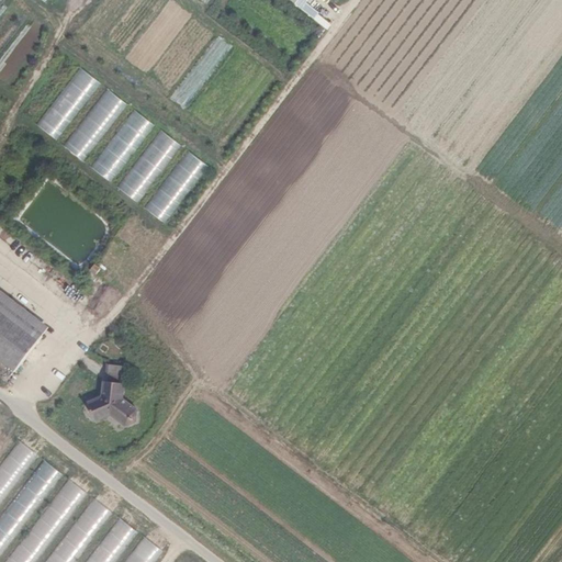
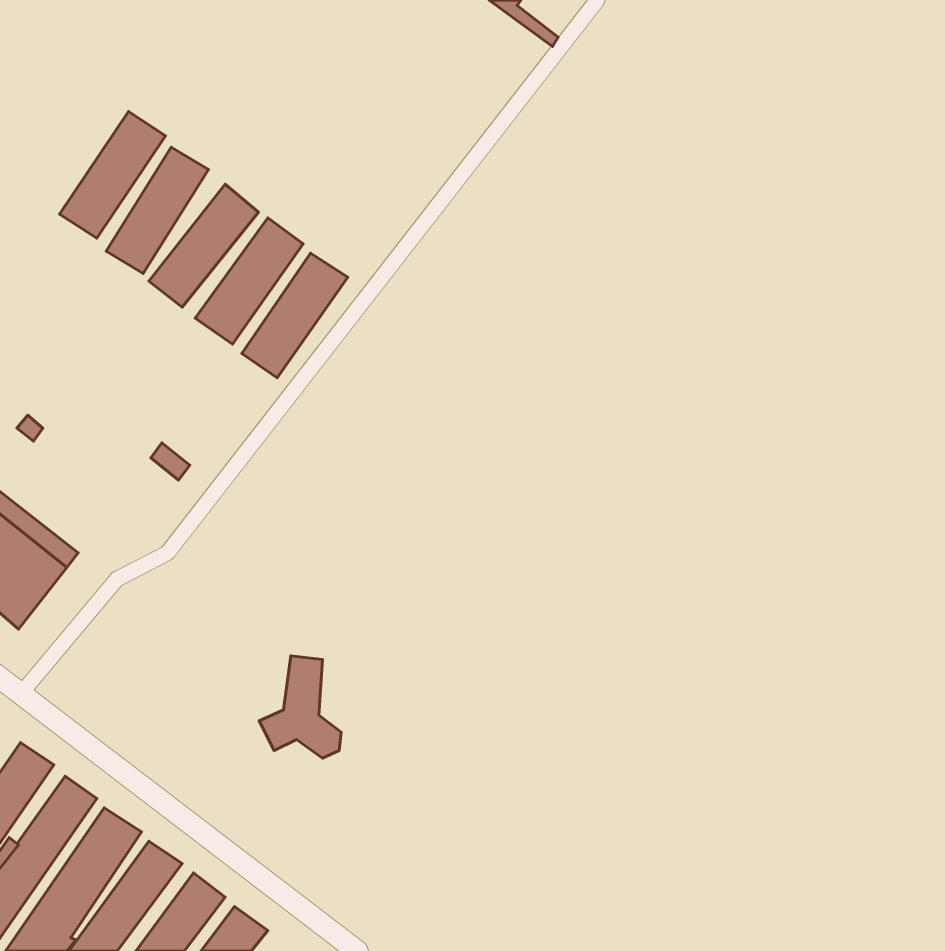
building: [87,364,135,425] -> [259,656,341,758]

